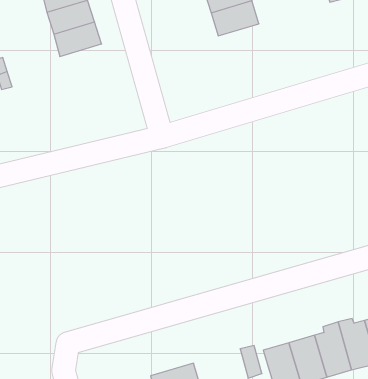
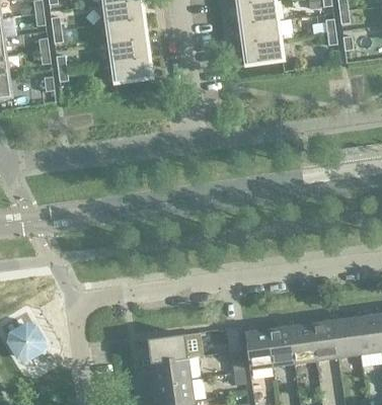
building: none -> [111,58,150,83]

